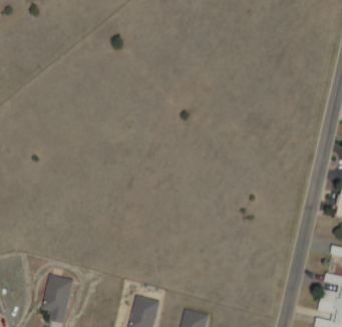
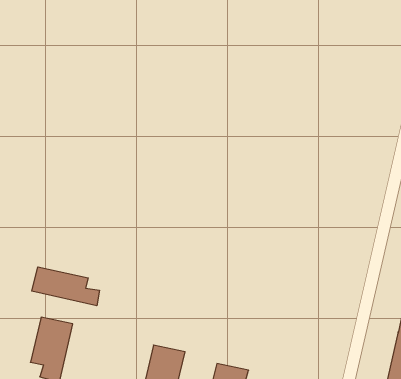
building: none -> [32,267,99,306]

